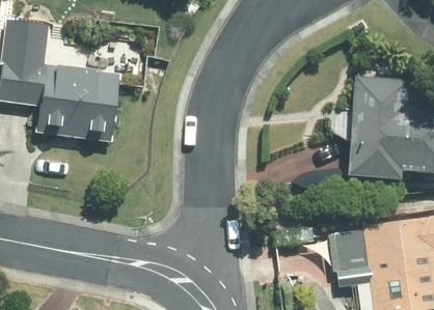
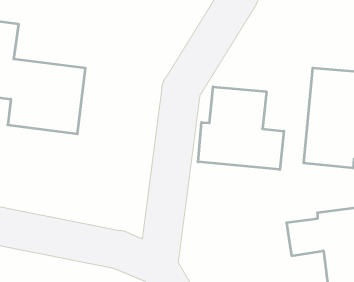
building: none -> [198,87,284,170]

